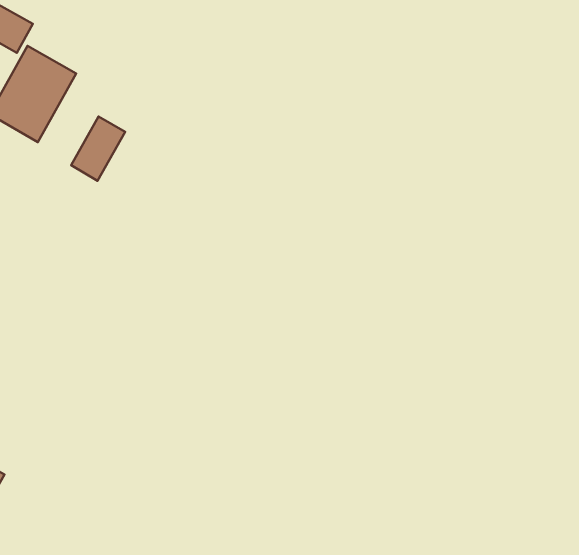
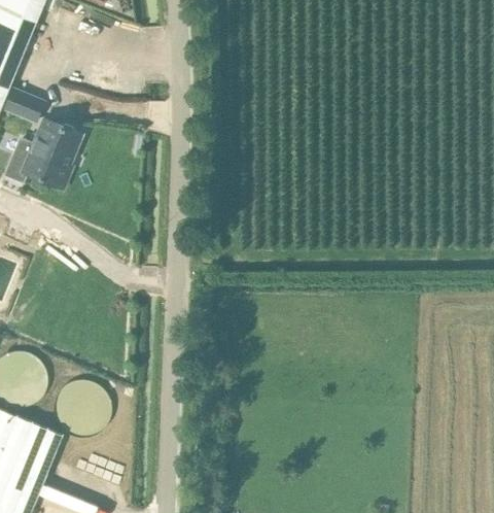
building: [71,116,125,181] -> none

